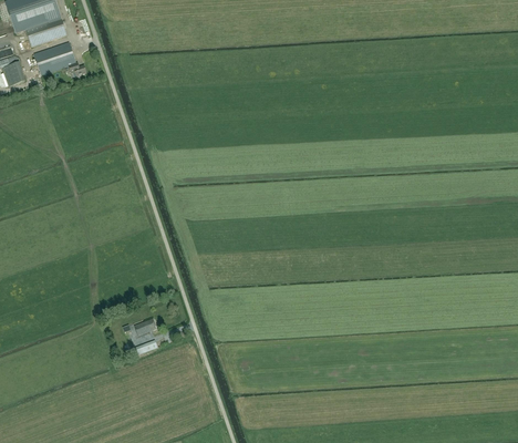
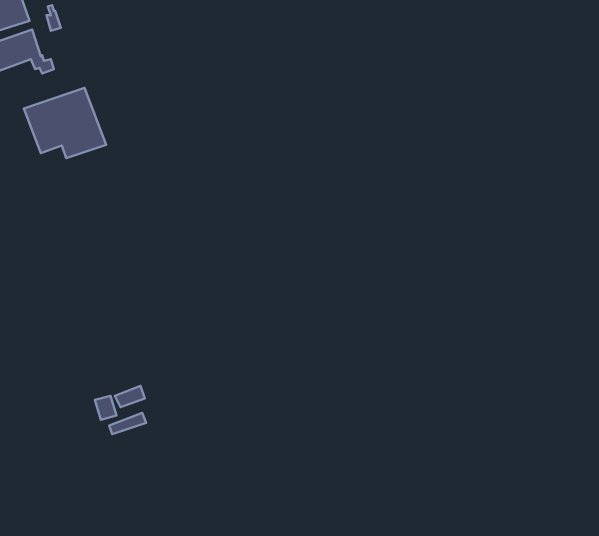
building: none -> [24,88,106,158]

